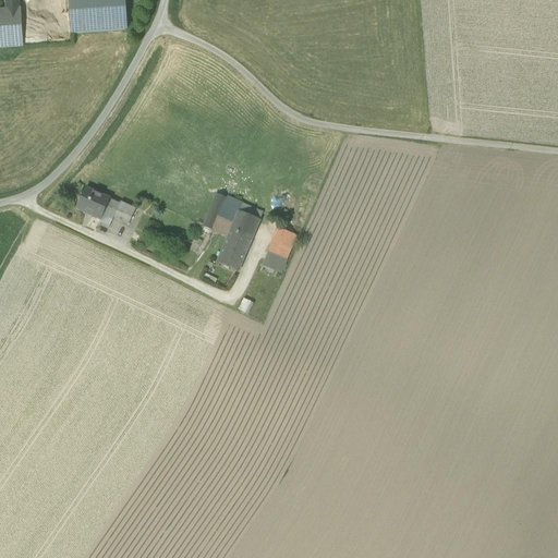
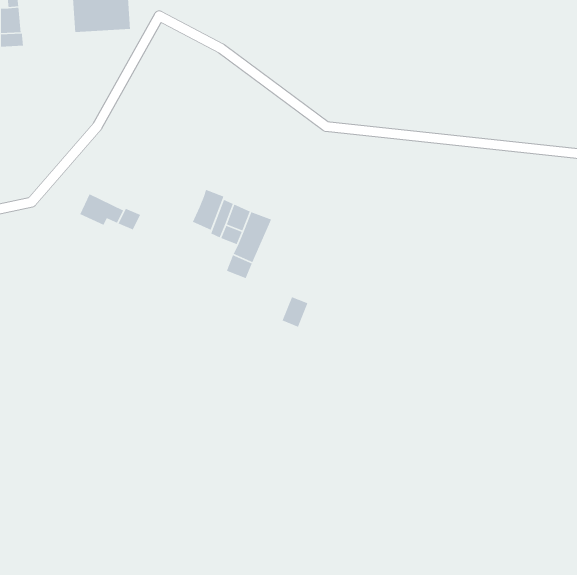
building: none -> [192,189,225,231]
building: [269,228,295,258] -> [282,296,309,328]

